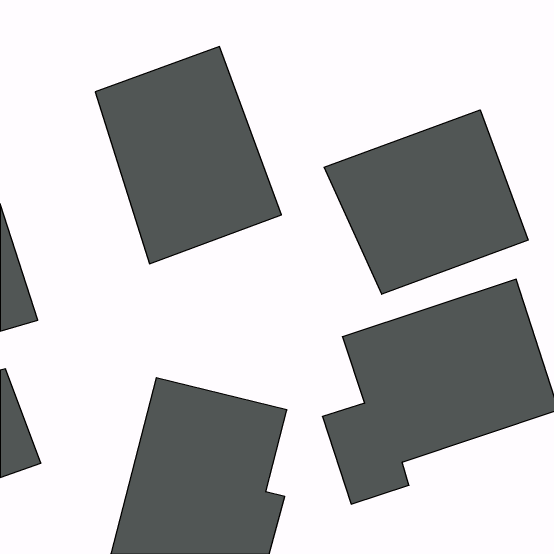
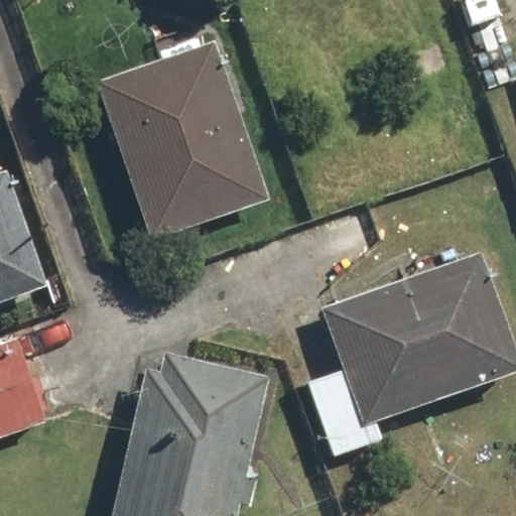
building: [324,110,528,294] -> none

